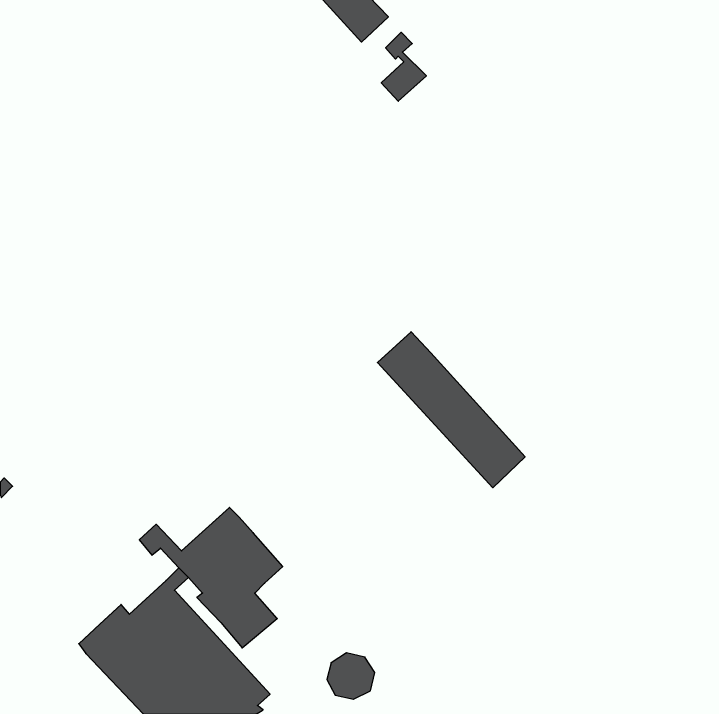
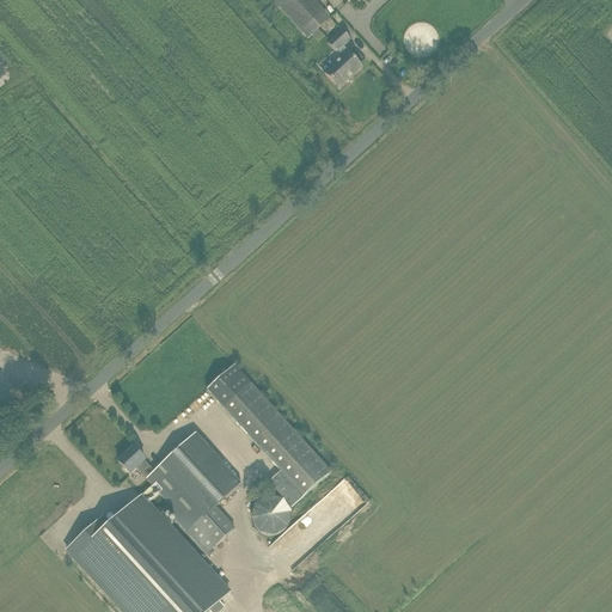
building: [377,332,525,488] -> [206,362,331,495]
building: [327,653,375,699] -> [251,494,292,533]

